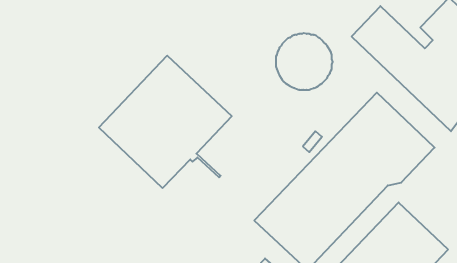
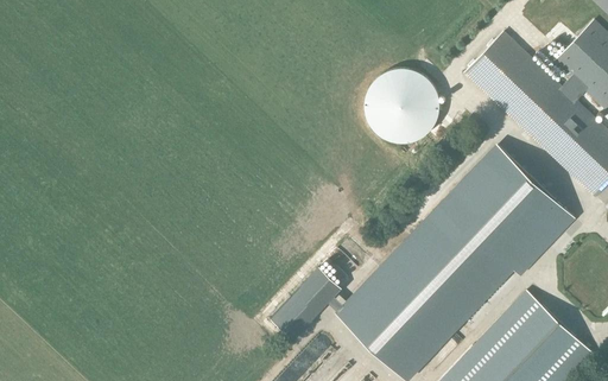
building: [99,56,232,188] -> none
building: none -> [271,267,342,341]

